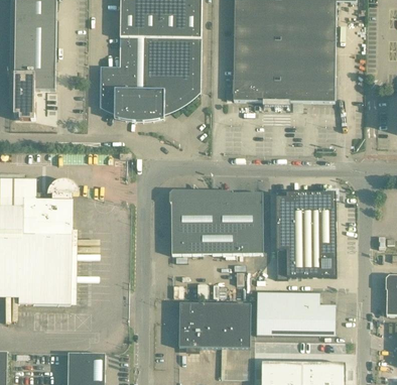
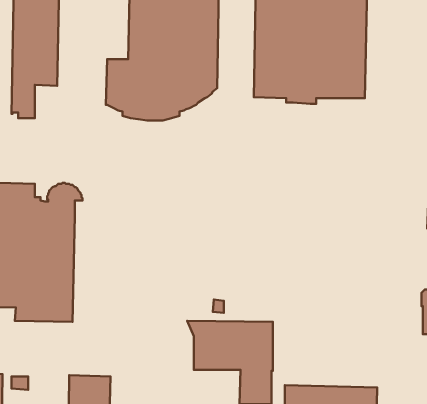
building: [169,189,264,254] -> none
building: [276,190,337,278] -> none
building: [257,291,336,335] -> none

